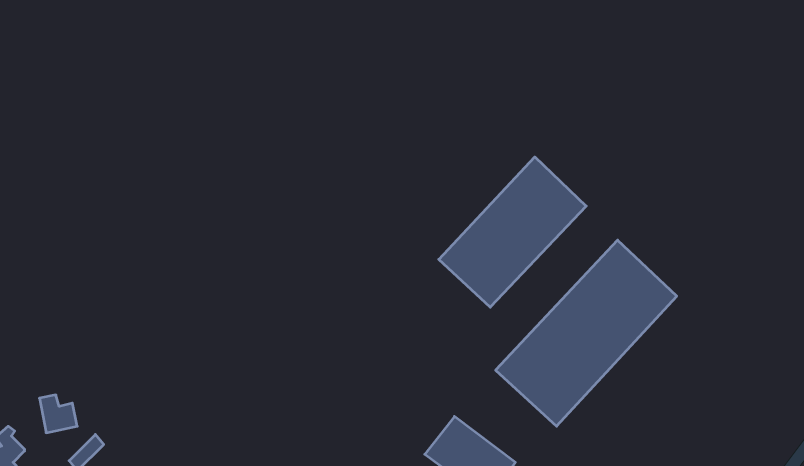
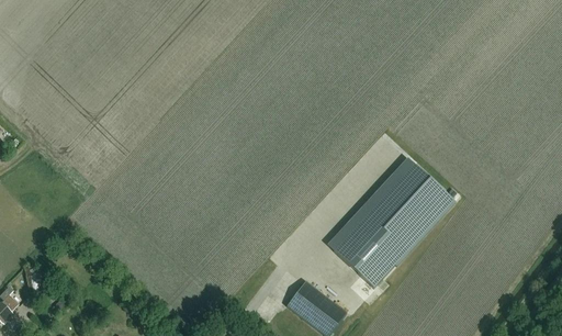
building: [439,157,586,307] -> none

